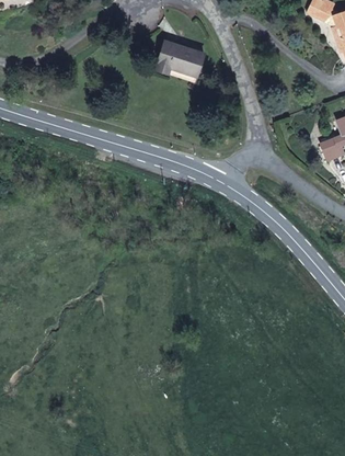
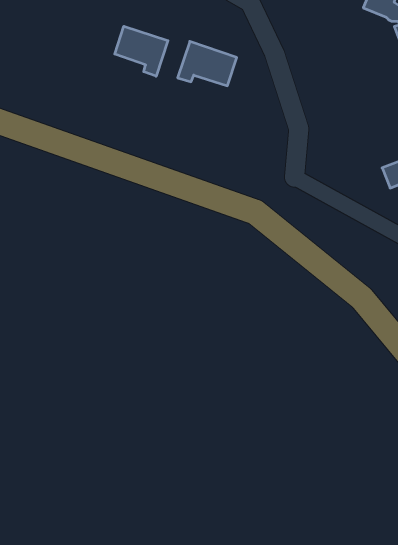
building: none -> [115,26,168,76]

